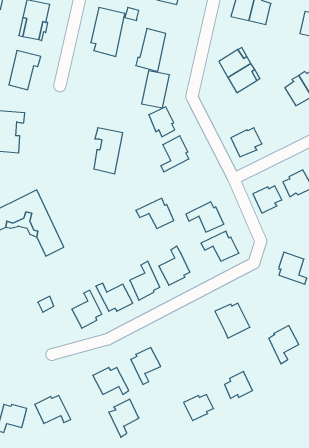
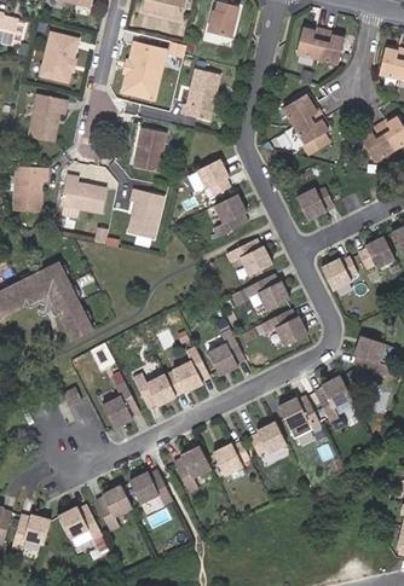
building: [142,71,170,108] -> [133,126,167,170]
building: none -> [60,175,106,213]
building: [136,198,174,228] -> [224,240,270,277]
building: [269,326,299,364] -> [314,377,351,423]
building: [225,371,253,398] -> [252,425,285,458]
building: [184,395,214,421] -> [214,446,250,477]
building: [109,399,139,437] -> [97,488,133,534]

